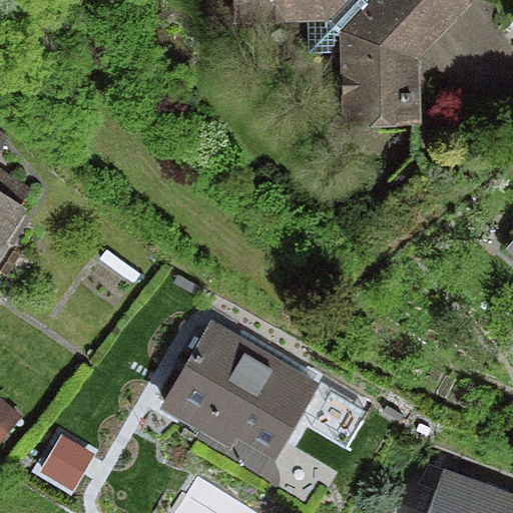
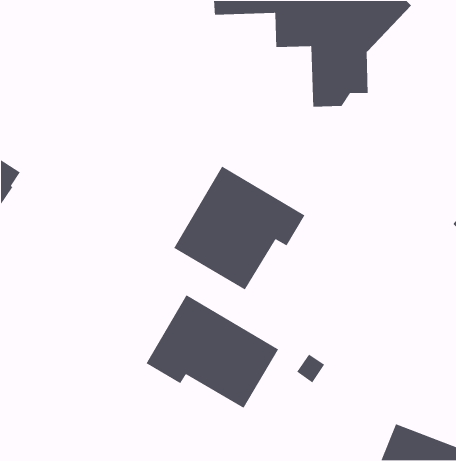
building: none -> [173,166,305,291]

